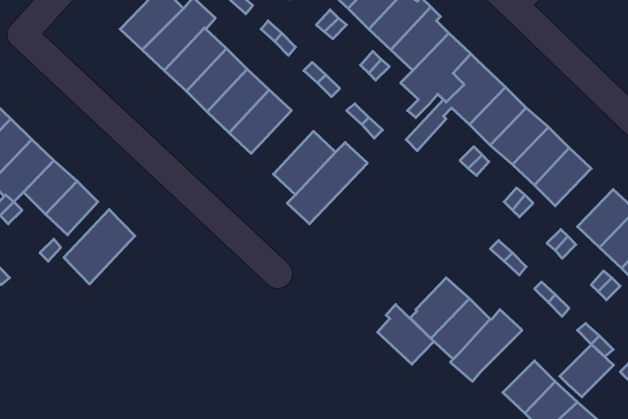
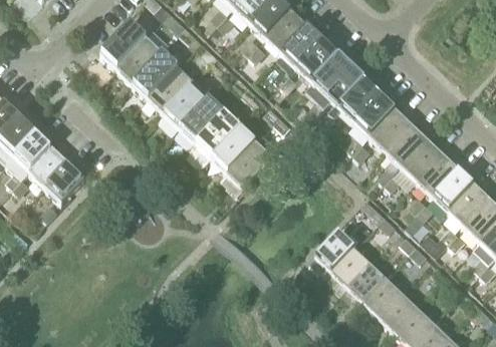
building: none -> [189,110,240,162]
building: none -> [416,152,458,195]
building: [64,209,135,284] -> none
building: [378,304,434,364] -> none
building: [560,344,614,397] -> [361,277,401,315]

